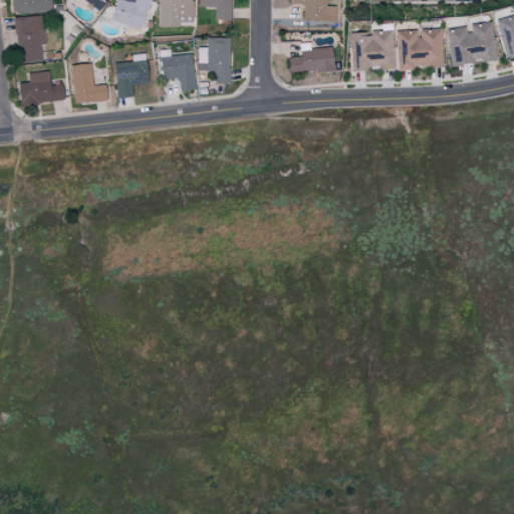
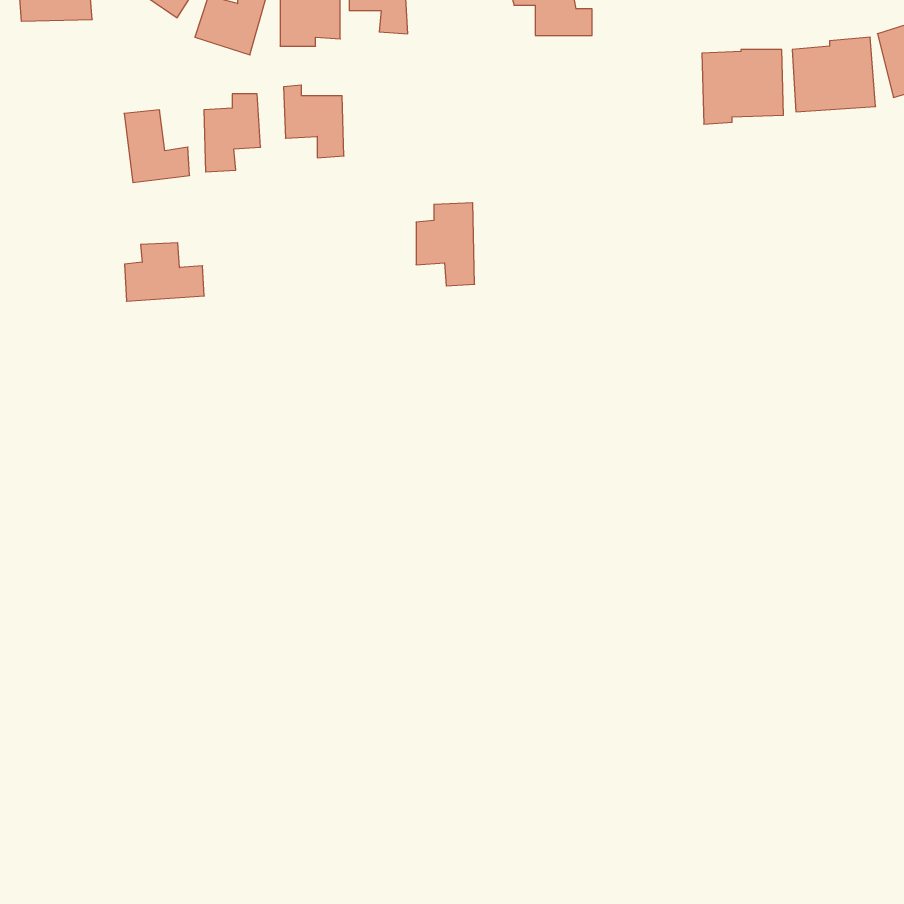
building: [16,14,46,63] -> none
building: [352,29,397,69] -> none
building: [199,36,232,83] -> [416,203,475,286]
building: [290,42,335,71] -> none
building: [20,70,65,103] -> [125,243,204,301]

